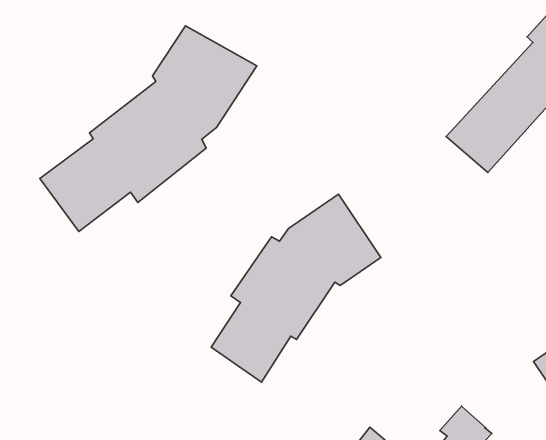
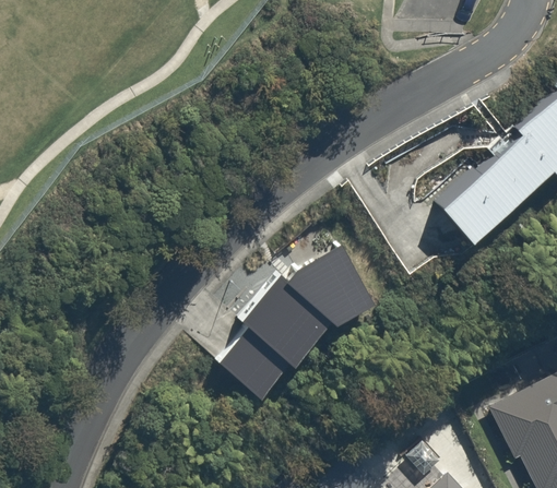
building: [40,26,257,232] -> none

